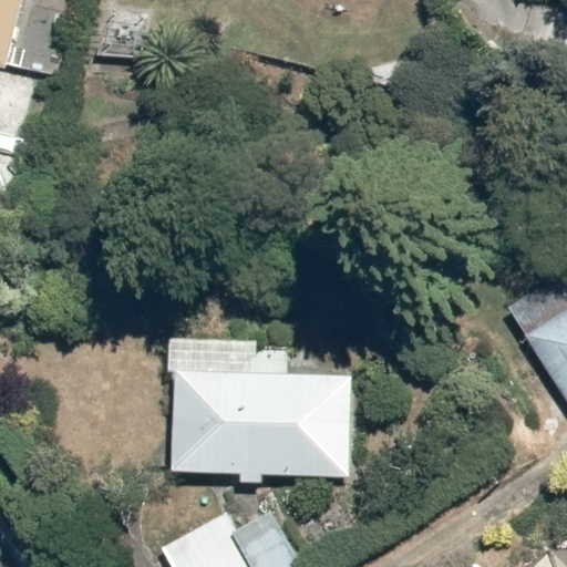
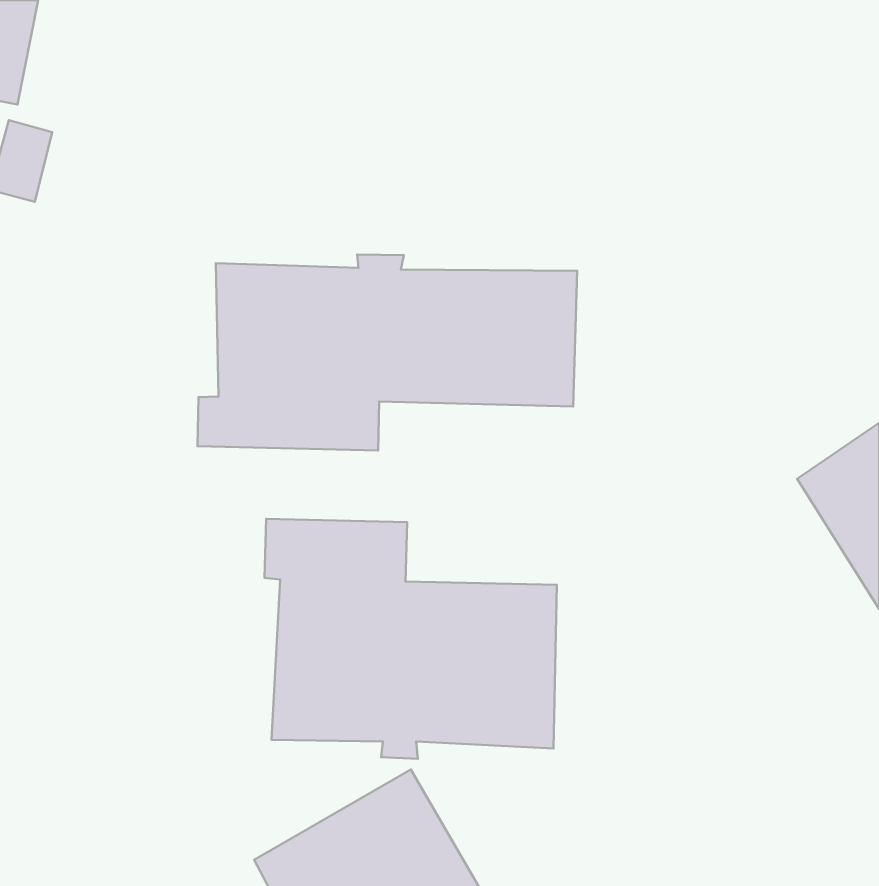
building: none -> [198,255,577,451]

